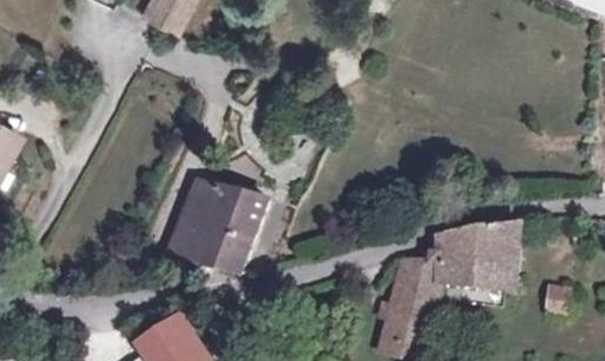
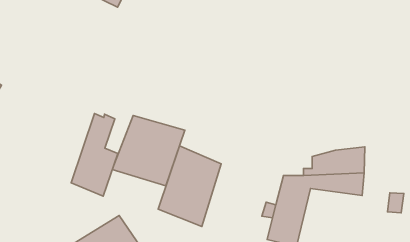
building: none -> [71,113,118,196]
building: none -> [158,146,221,226]

